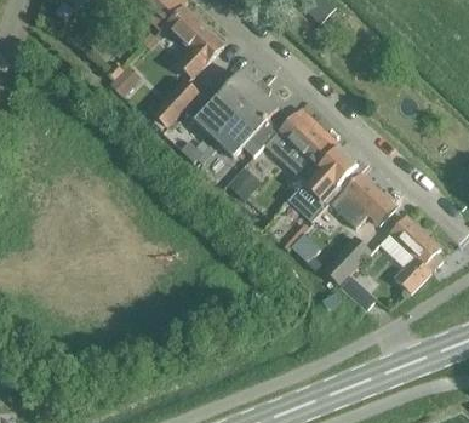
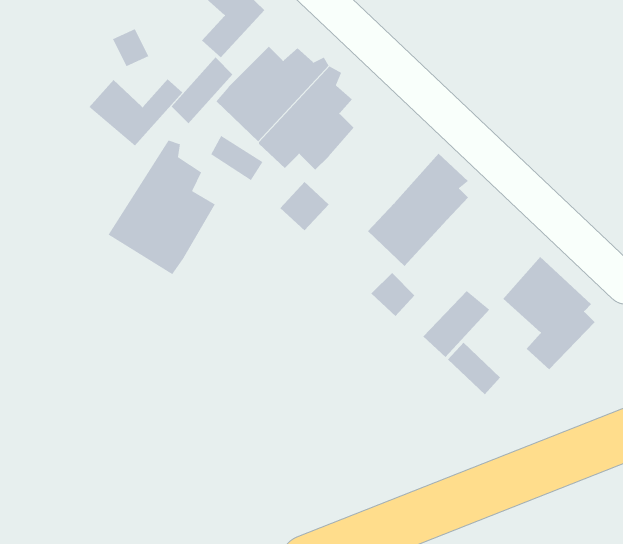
building: none -> [88,78,183,146]
building: [268,109,339,181] -> none
building: none -> [107,139,216,275]
building: [343,173,396,225] -> none

